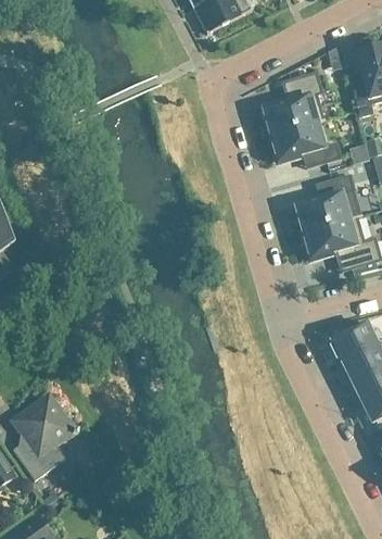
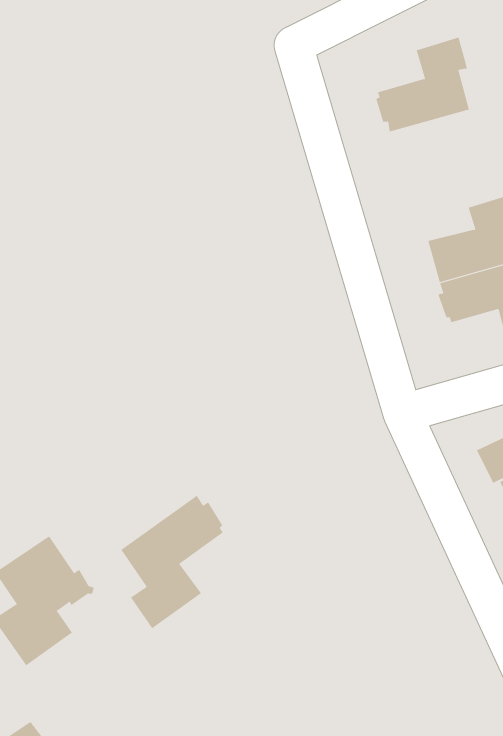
building: [270,116,340,163] -> none
building: none -> [120,495,224,629]

